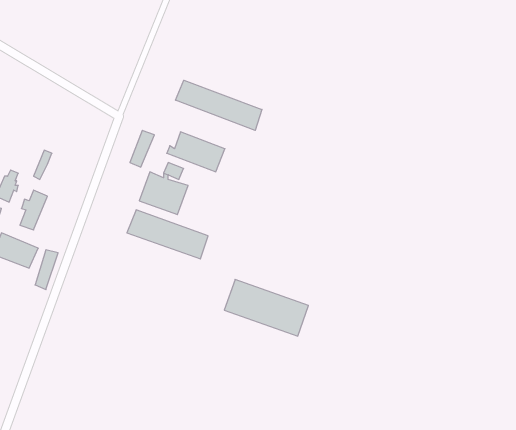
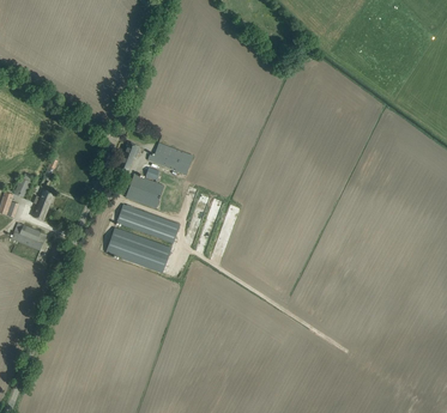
building: [176,80,262,130] -> none
building: [224,279,308,336] -> [105,227,171,272]

